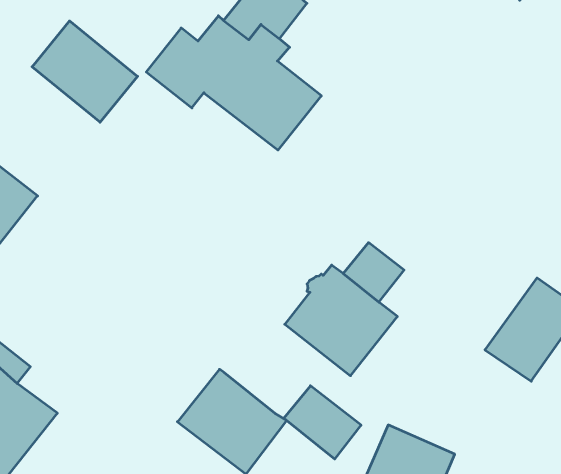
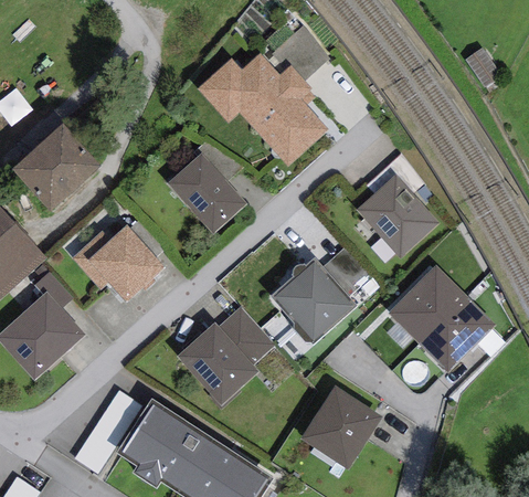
building: [32,21,138,122] -> [168,151,246,232]
building: none -> [358,175,438,256]
building: none -> [389,265,466,341]
building: none -> [73,224,165,302]
building: [284,386,361,459] -> [218,304,275,362]

